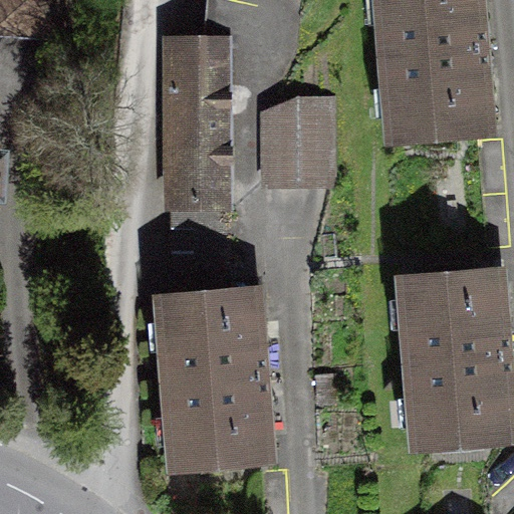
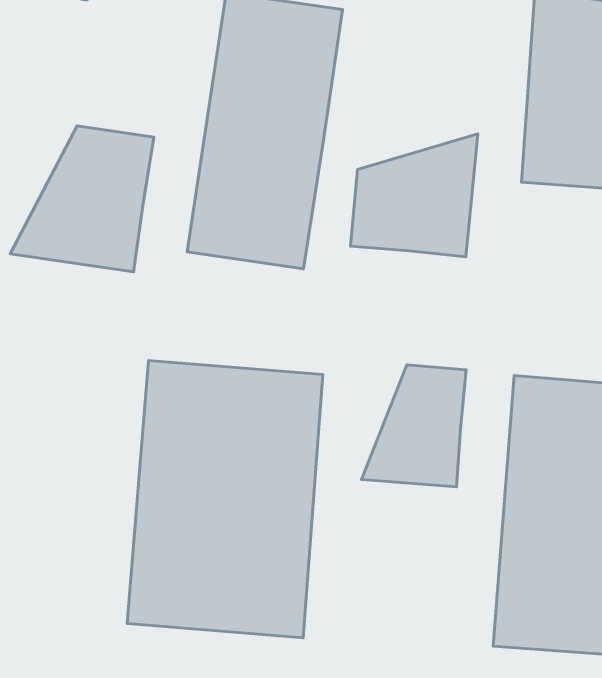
building: none -> [10,126,154,272]
building: none -> [362,365,466,487]

